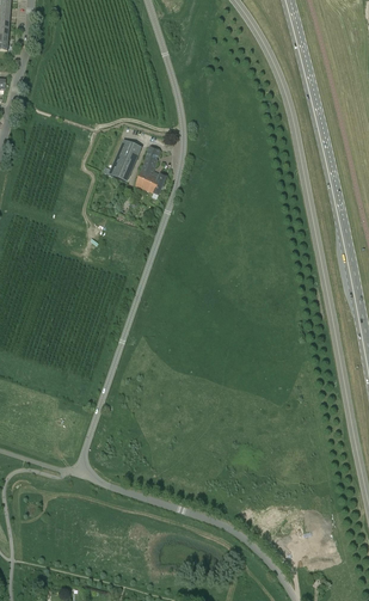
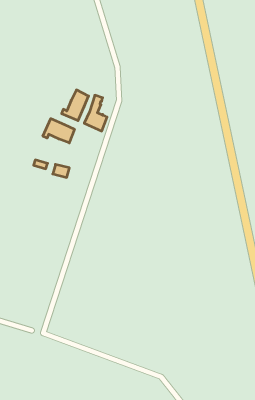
building: none -> [43,119,74,143]

